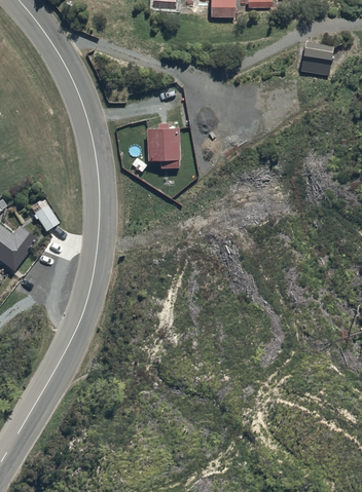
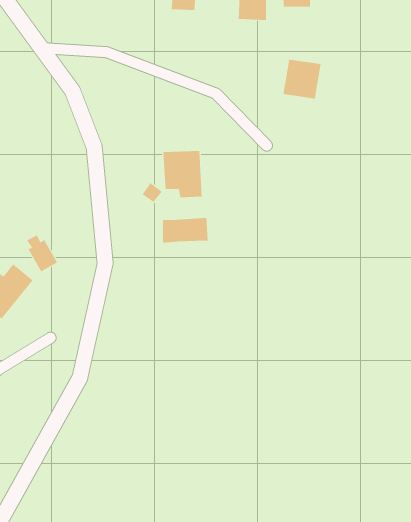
building: [300,42,333,76] -> [283,59,321,99]
building: none -> [163,217,208,244]

